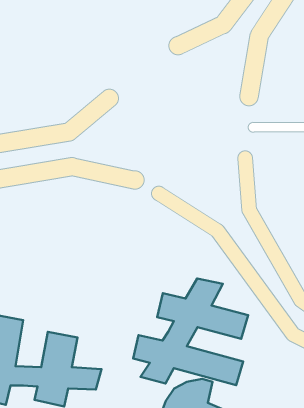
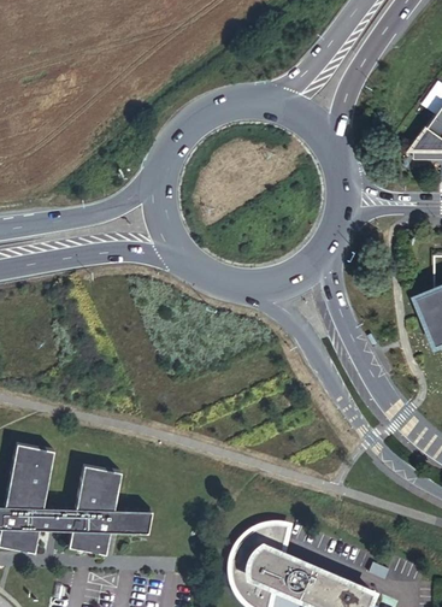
building: [133,279,248,385] -> none

